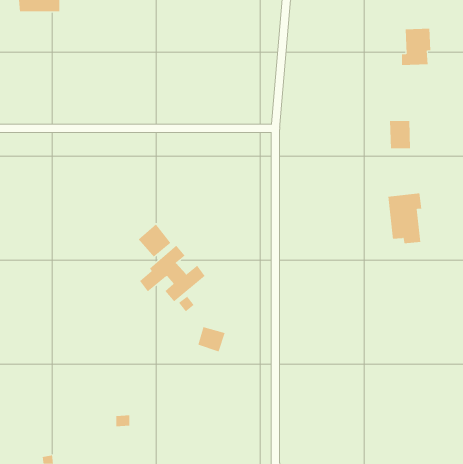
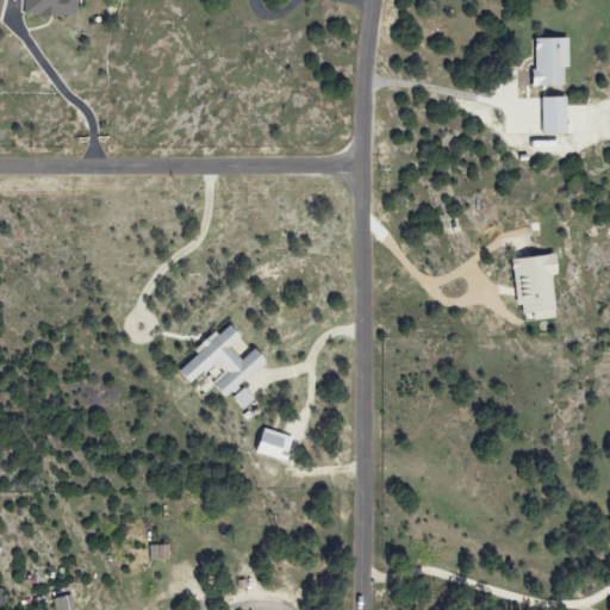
building: [389,121,411,149] -> [539,97,567,133]
building: [138,224,171,258] -> none

